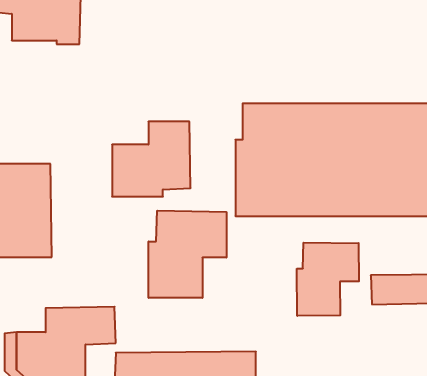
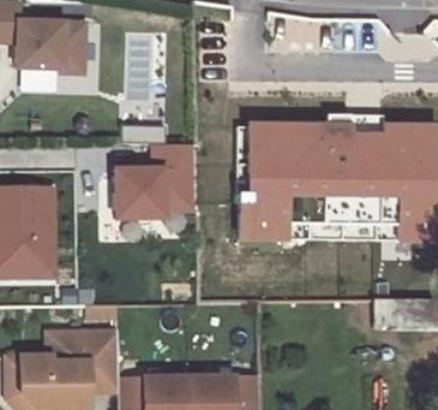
building: [149,211,226,298] -> none
building: [297,243,359,316] -> none

